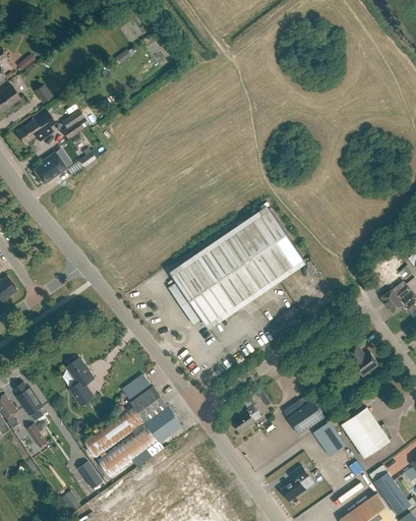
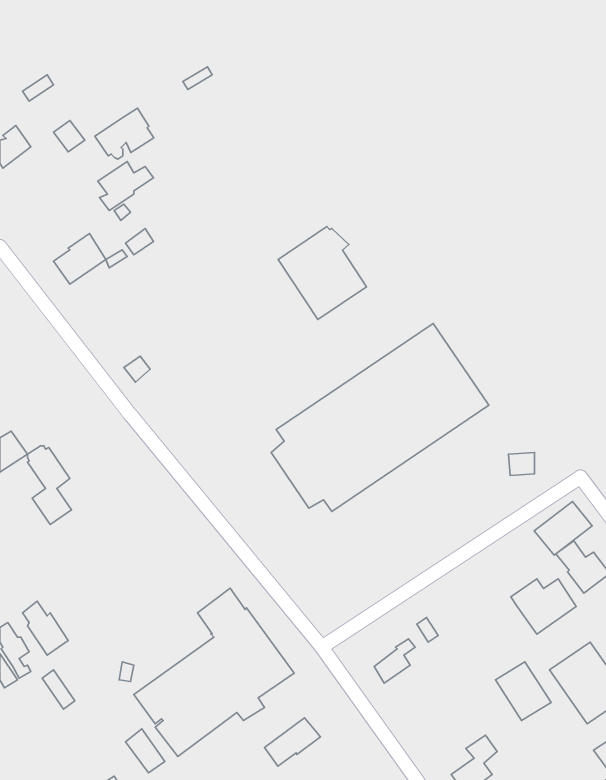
building: [16,115,53,147] -> [95,108,154,159]
building: none -> [278,227,366,320]
building: none -> [534,501,592,555]
building: [67,357,95,406] -> [27,446,72,524]
building: [284,400,324,435] -> [511,579,576,634]
building: none -> [265,718,321,766]

